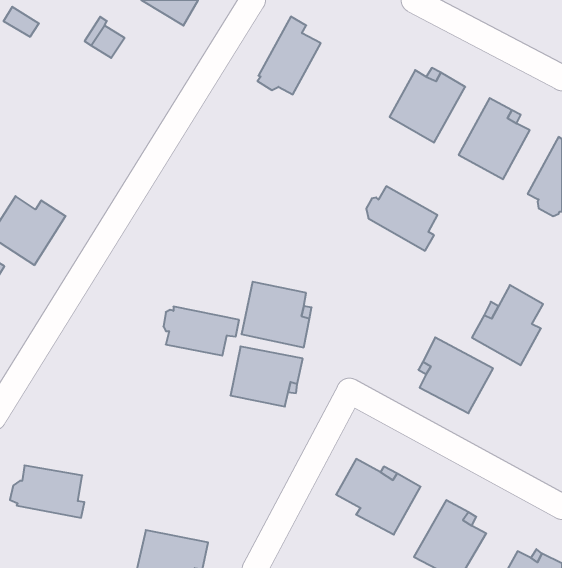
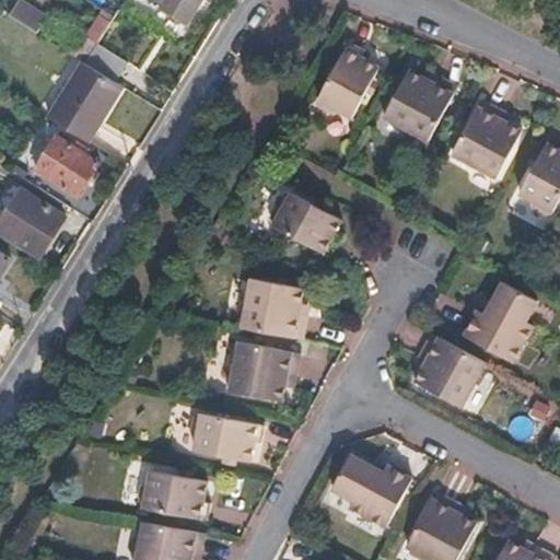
building: [257,17,321,94] -> [318,43,381,119]
building: none -> [42,67,116,147]
building: none -> [27,138,92,200]
building: [366,186,437,251] -> [270,191,340,255]
building: [163,307,239,356] -> [190,410,265,458]
building: [10,465,84,518] -> [137,469,210,521]

